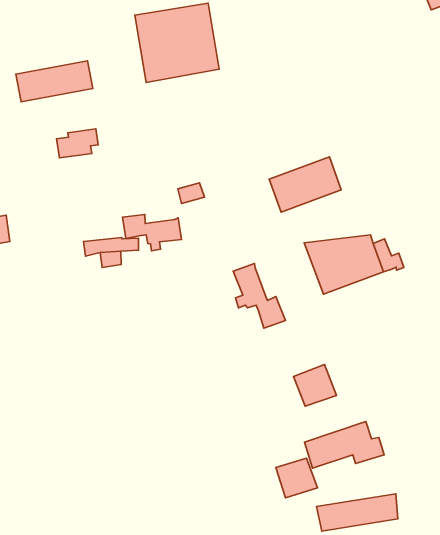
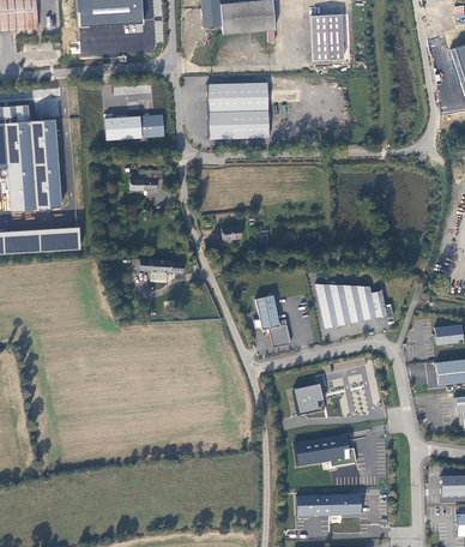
building: [269,157,341,212] -> none
building: [123,214,181,251] -> none
building: [276,458,317,498] -> none

